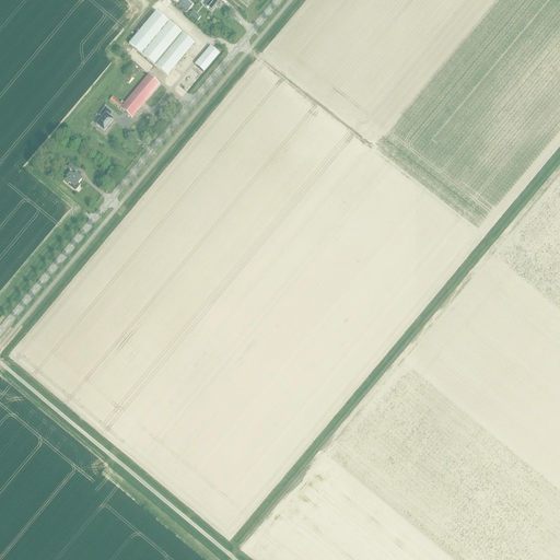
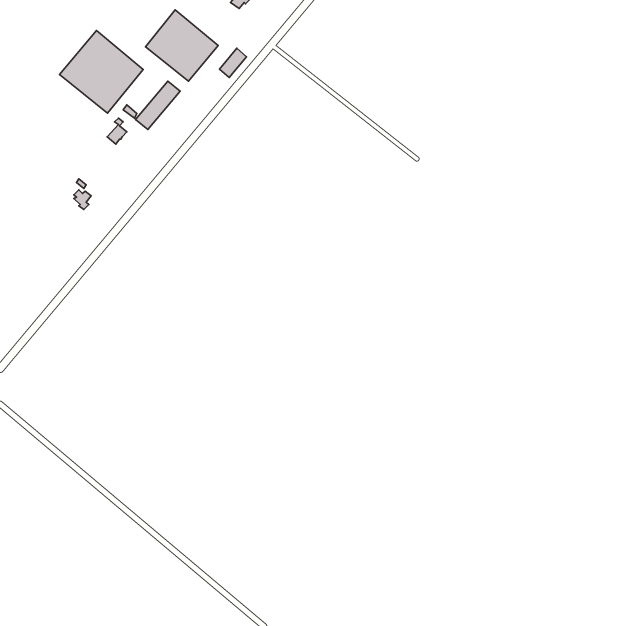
building: none -> [60,30,143,113]

